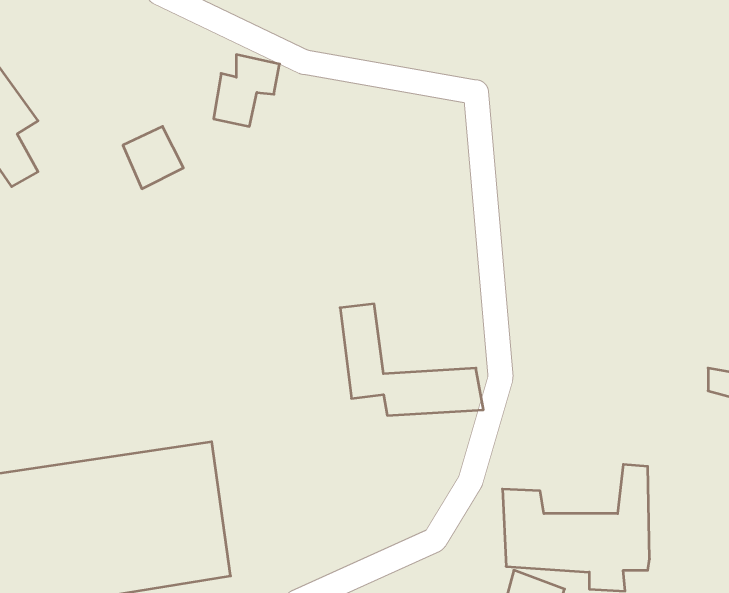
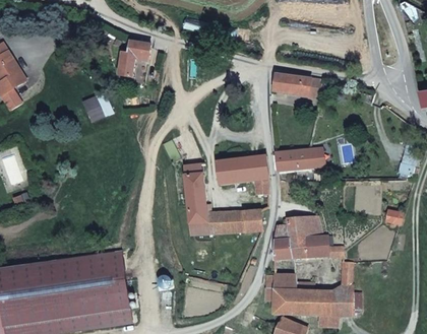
building: none -> [271,74,313,95]
building: none -> [272,147,325,174]
building: none -> [217,155,269,195]
building: none -> [273,215,342,261]

